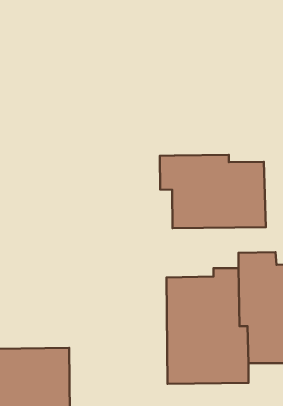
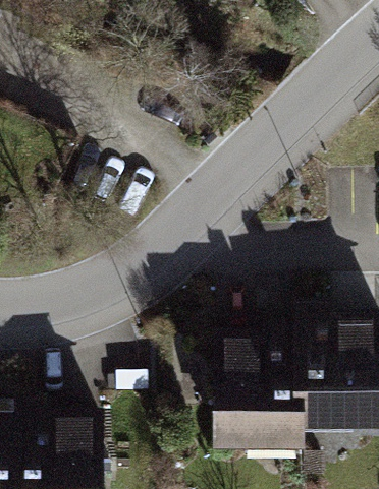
building: [160,155,266,228] -> none

